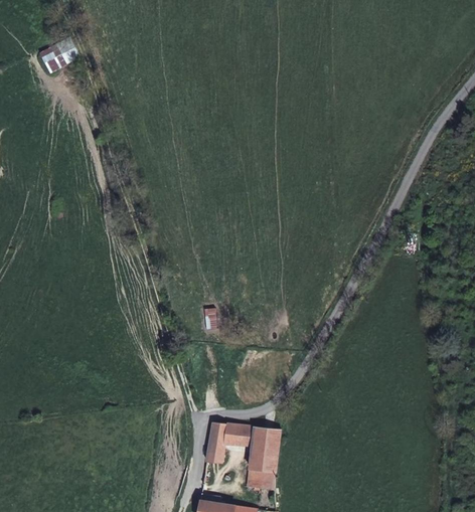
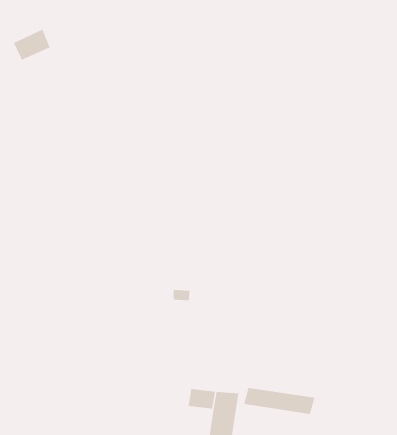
building: none -> [243,387,315,415]
building: [207,422,228,464] -> none

